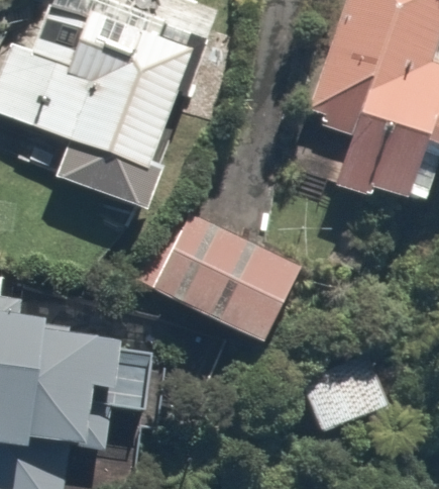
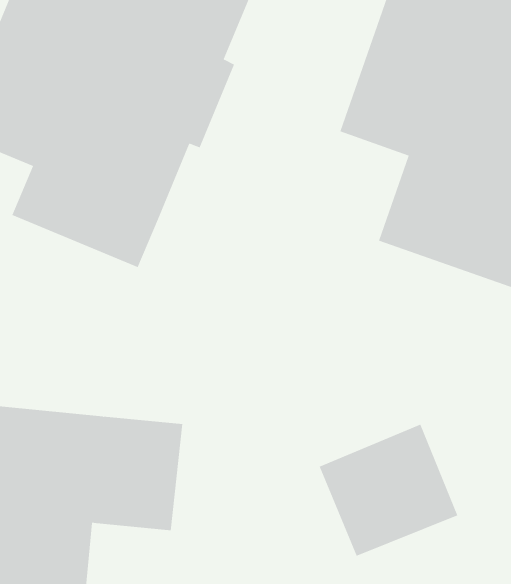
building: [142,203,313,349] -> none

